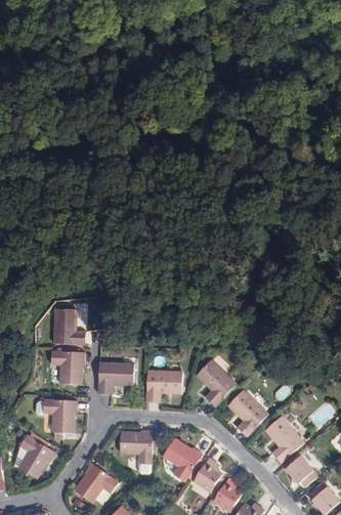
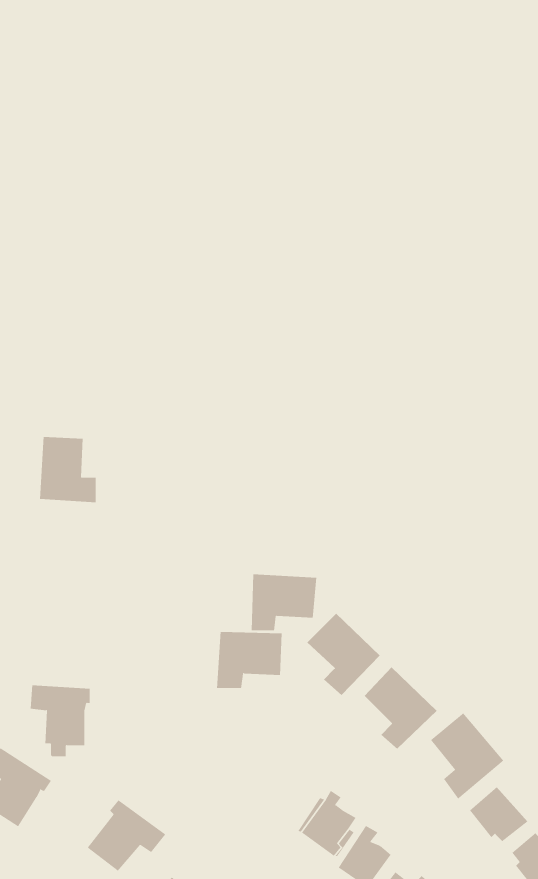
building: [52,308,84,345] -> [39,437,96,503]
building: [50,351,84,384] -> none
building: [97,361,134,393] -> [251,574,317,631]
building: [119,429,156,473] -> none
building: [162,437,203,481] -> none

